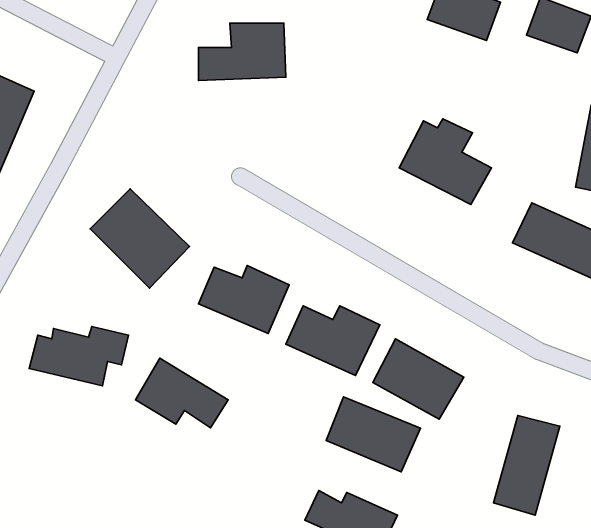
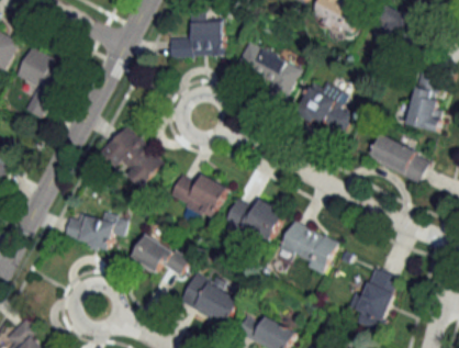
building: none -> [234,40,301,96]
building: [326,397,420,472] -> [180,276,239,323]

